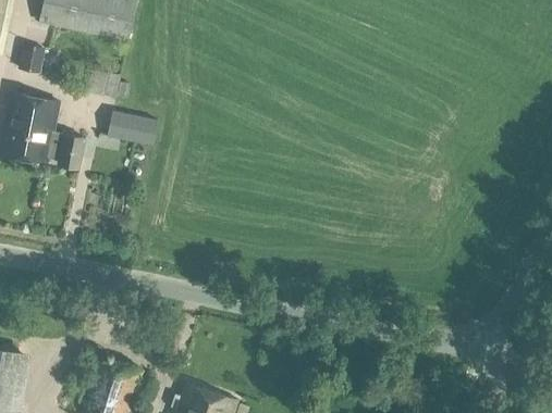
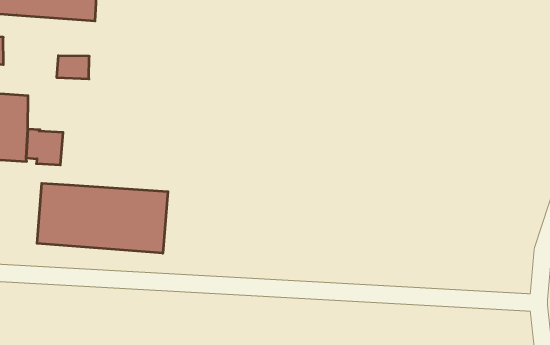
building: [108,110,157,143] -> none
building: none -> [37,183,168,253]

